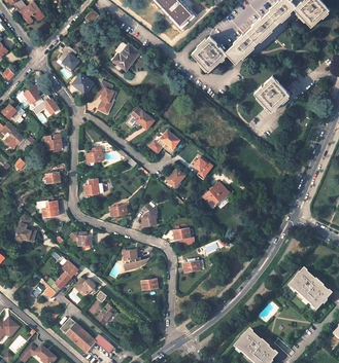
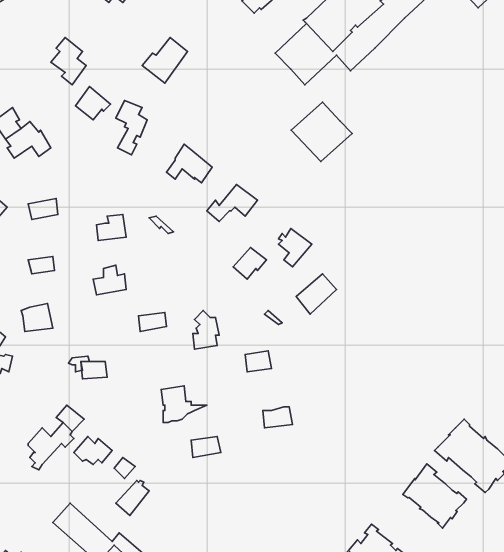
building: [252,75,289,110] -> [291,102,352,162]
building: none -> [403,464,467,528]

